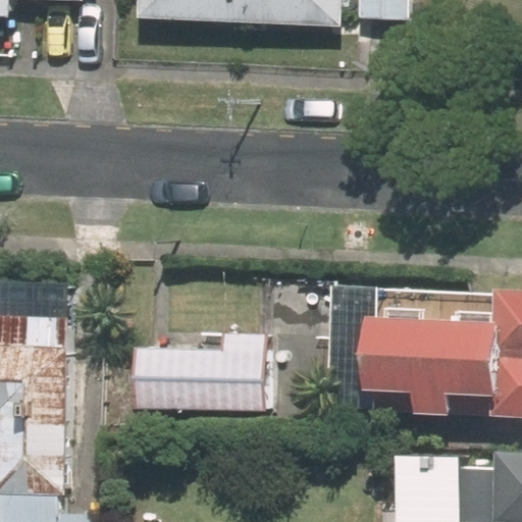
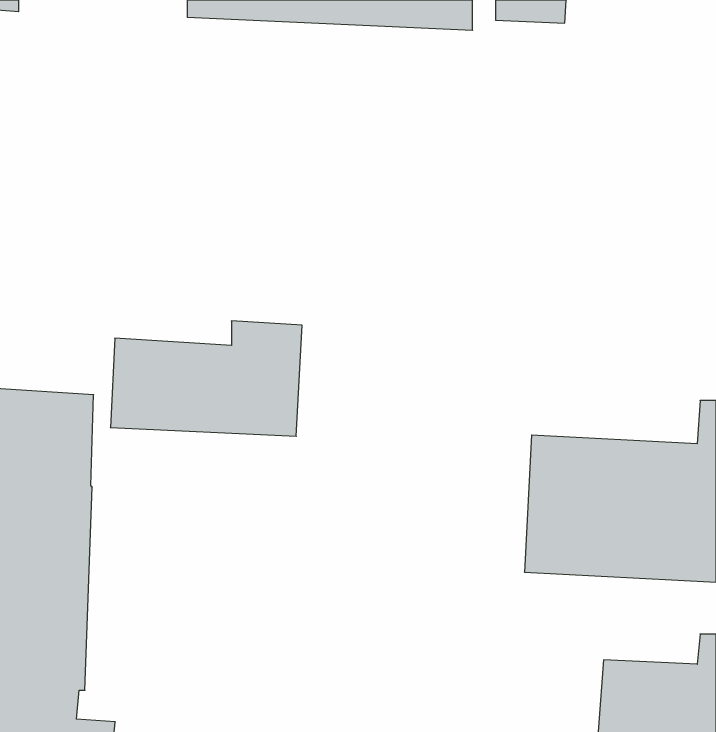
building: [132,331,267,413] -> [110,321,302,436]

